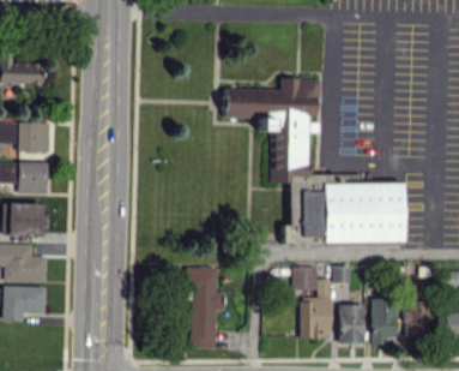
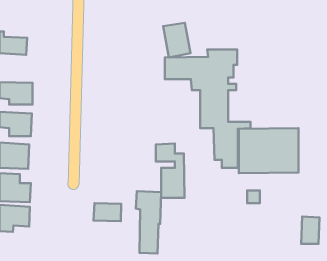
building: none -> [163,23,190,58]
building: [292,267,331,339] -> [156,144,185,198]
building: none -> [93,203,121,221]
building: [370,299,397,345] -> none
building: [338,305,364,345] -> none

